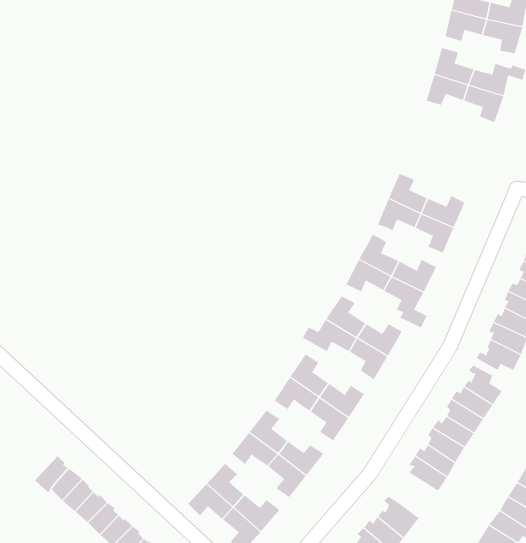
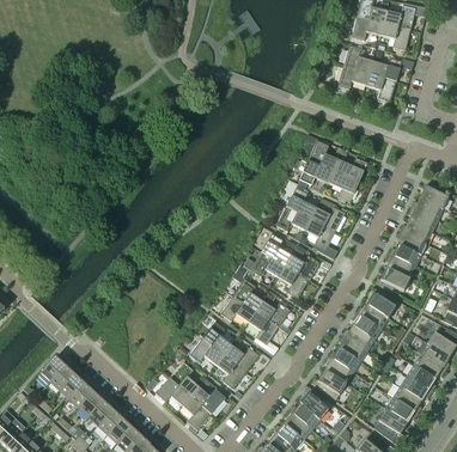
building: none -> [312,368,347,399]

